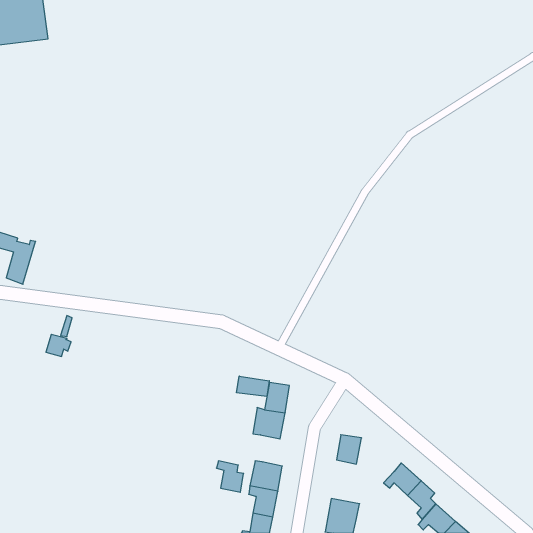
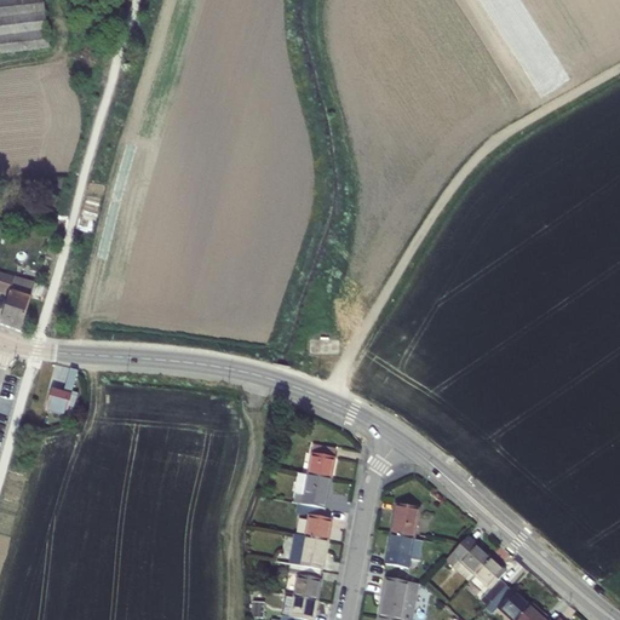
building: [237,376,269,397] -> none
building: none -> [384,533,413,568]
building: [216,461,244,492] -> [299,504,331,540]

